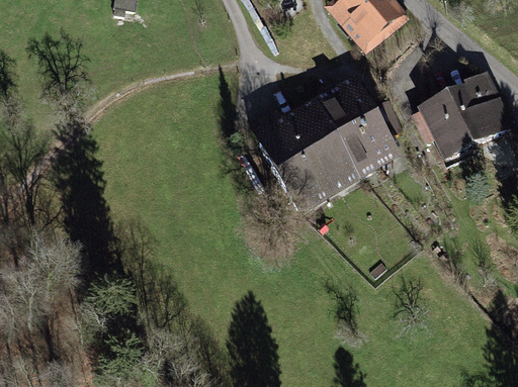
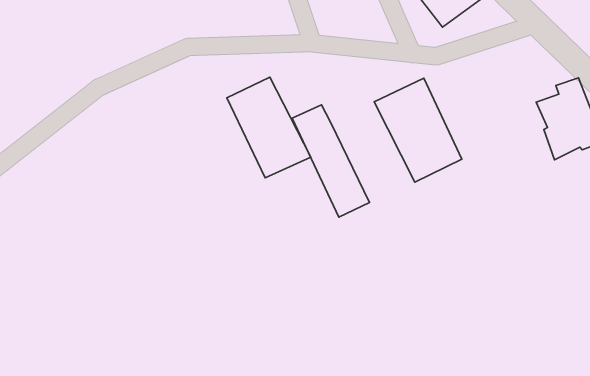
building: [415,93,471,155] -> none
building: [283,108,357,192] -> [227,77,311,178]

